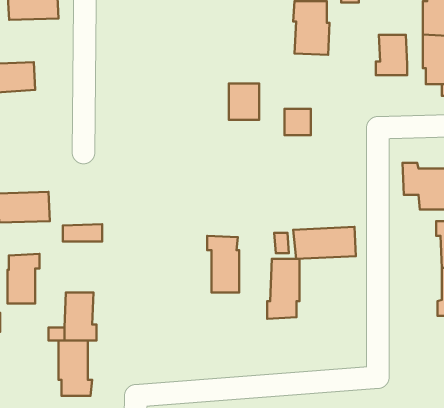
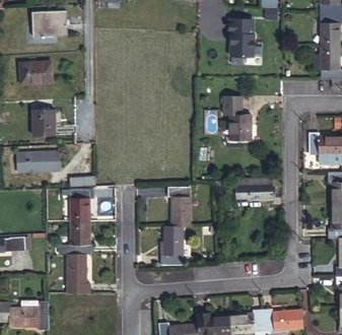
building: [376,35,407,75] -> none
building: [229,83,259,120] -> [229,113,251,138]
building: none -> [35,113,54,139]
building: [7,254,39,303] -> [71,188,93,222]
building: [267,259,299,319] -> [161,222,184,264]

